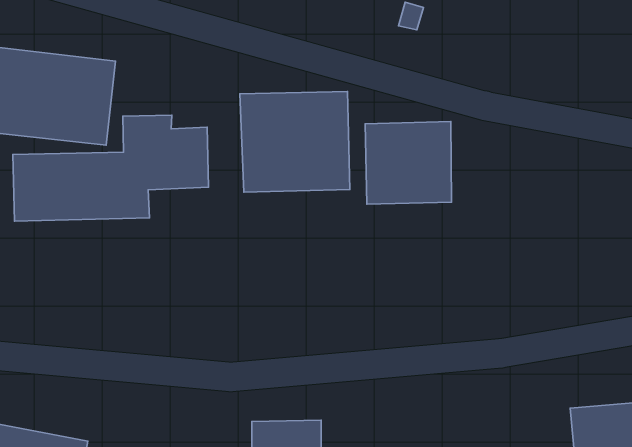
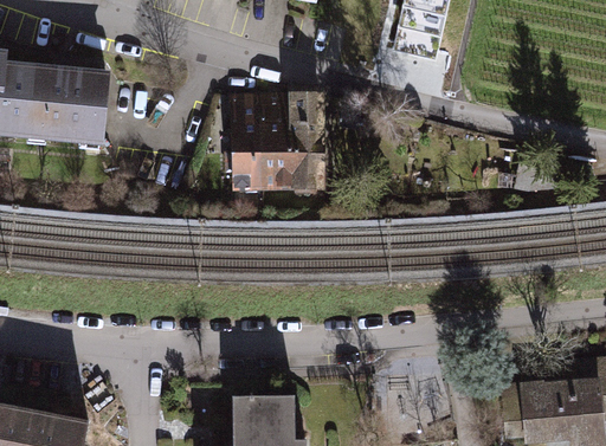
building: [13,115,209,221] -> none
building: [365,122,452,204] -> none

